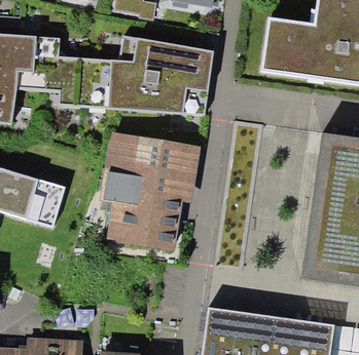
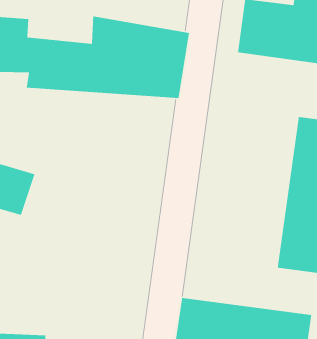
building: [107,133,194,248] -> none

